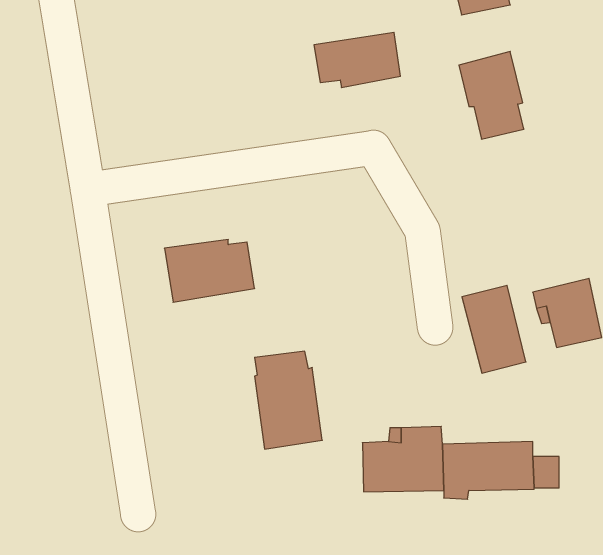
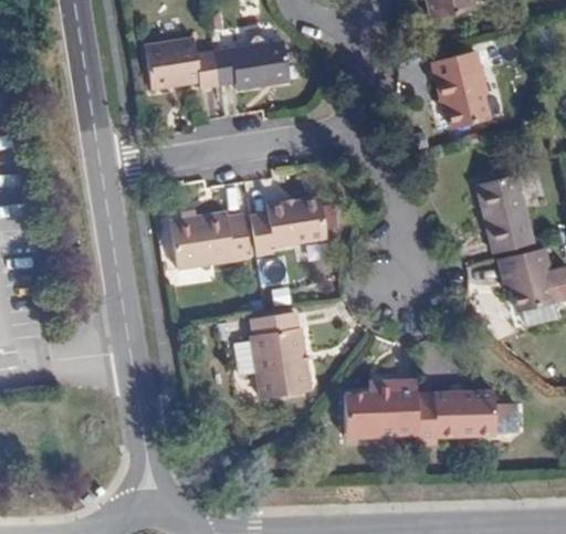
building: [314,32,400,88] -> [213,40,290,88]
building: none -> [147,36,201,87]
building: none -> [251,199,325,255]
building: [462,285,526,373] -> [476,174,533,251]

